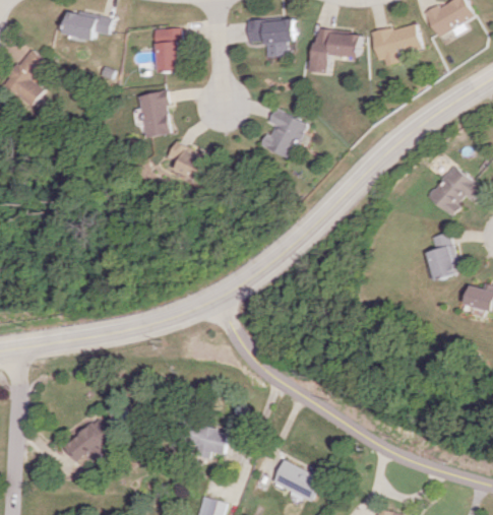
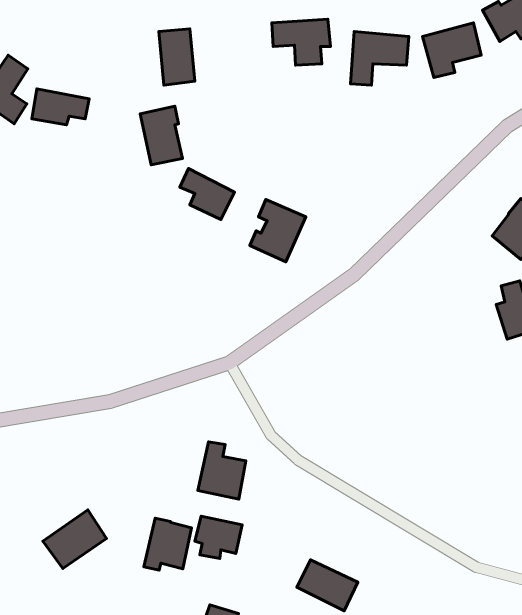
building: [64,9,111,39] -> [32,89,89,125]
building: [262,108,308,158] -> [250,200,306,262]
building: none -> [198,442,246,499]
building: none -> [144,518,192,570]

